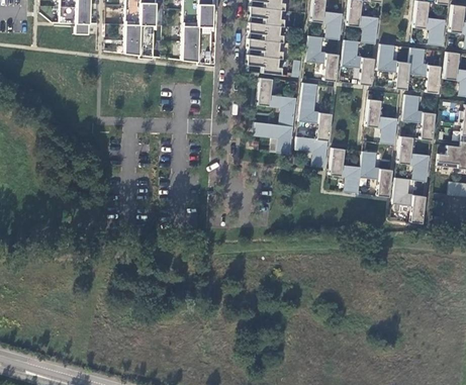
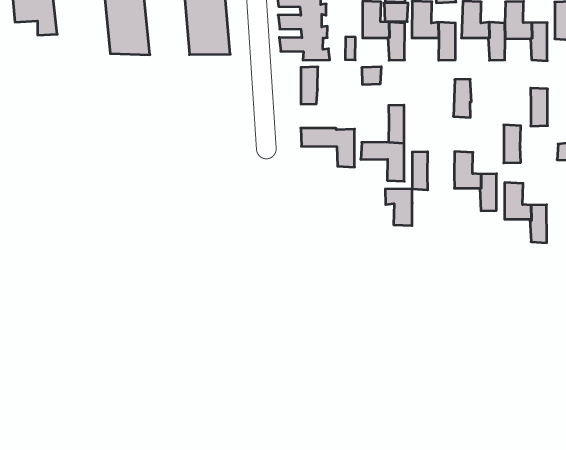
building: [402,94,423,122] -> none
building: [268,95,296,126] -> none
building: [299,95,319,123] -> none
building: [377,116,397,145] -> none
building: [409,153,430,181] -> none
building: [341,165,361,193] -> [385,189,412,226]

